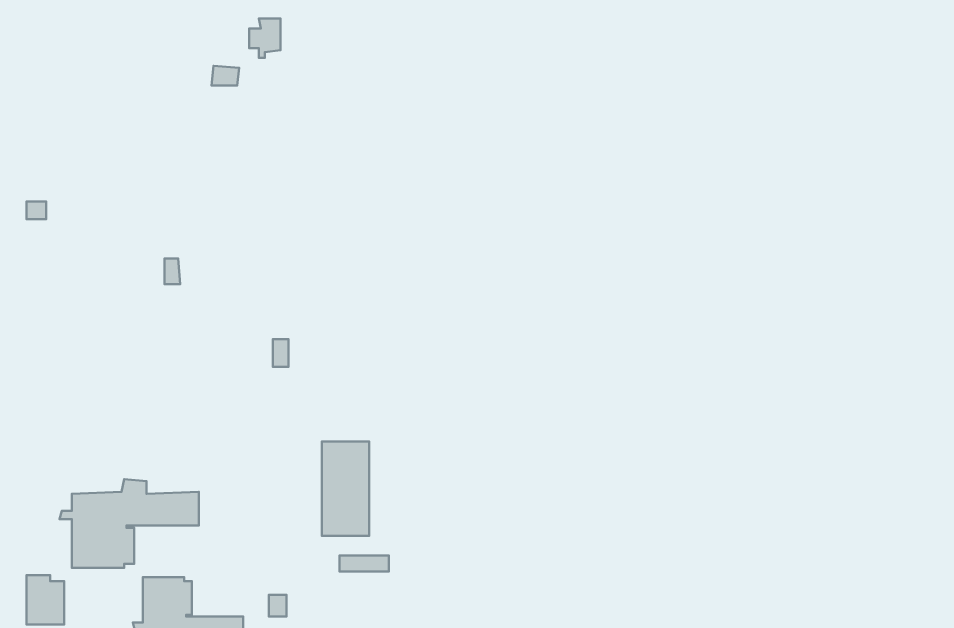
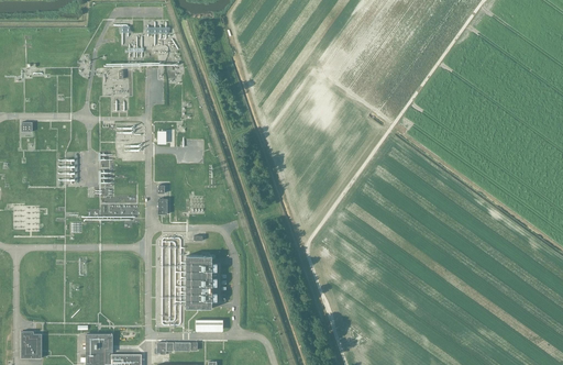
building: [59,479,199,568] -> none

